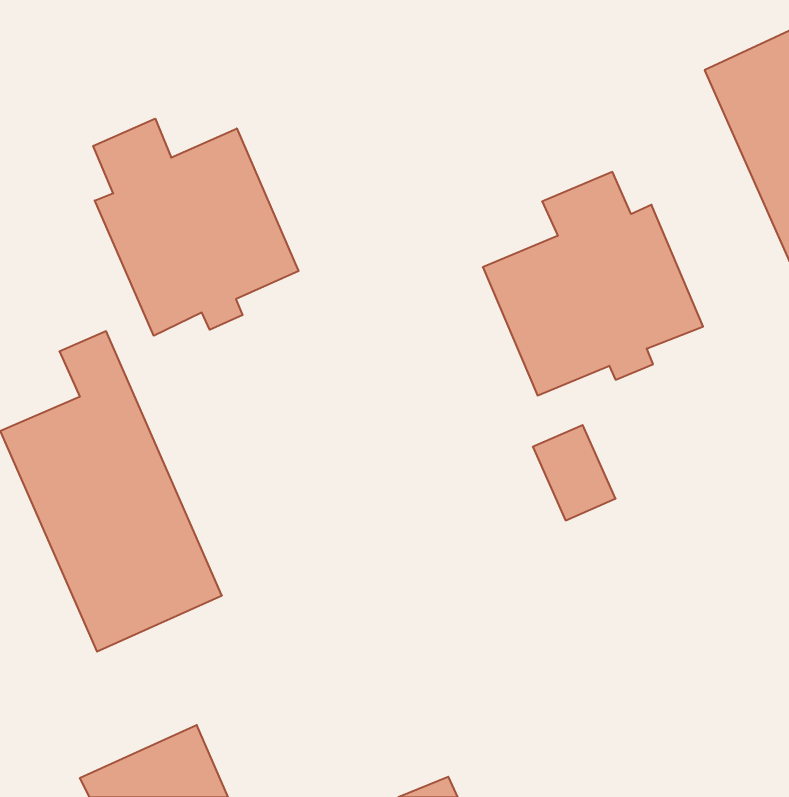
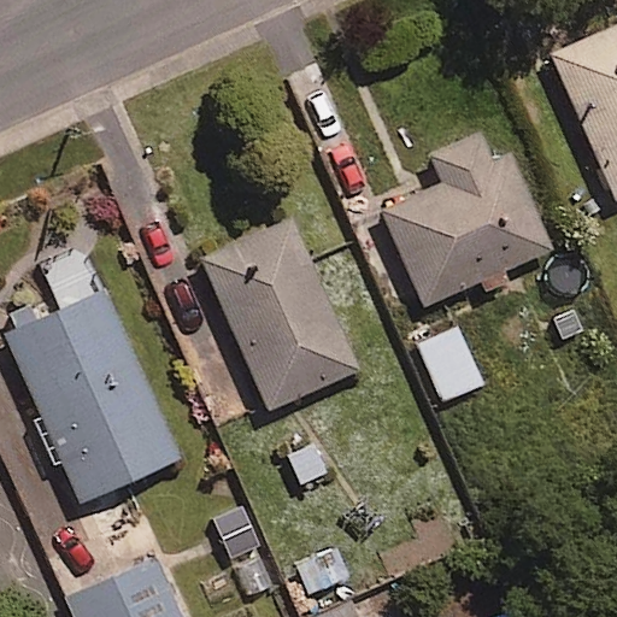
building: [93,119,299,336] -> none
building: none -> [200,219,358,411]

